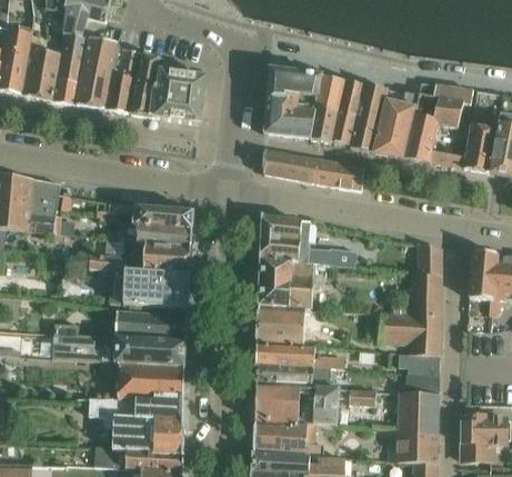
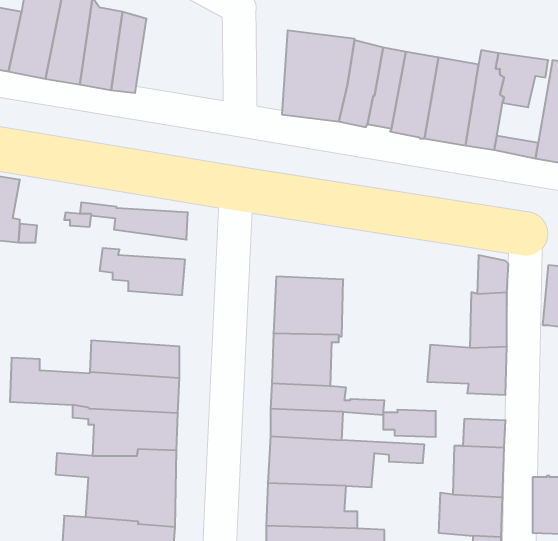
building: [150,59,205,125] -> none
building: [262,149,363,190] -> none
building: [260,215,355,267] -> none
building: [117,220,190,247] -> none
building: [89,254,187,307] -> none
building: [398,351,439,372] -> [383,410,436,437]

